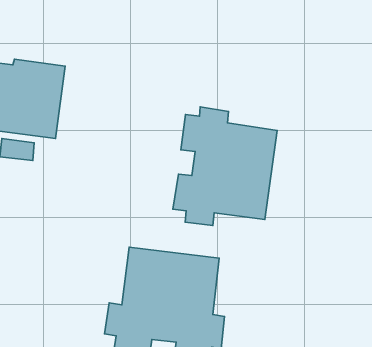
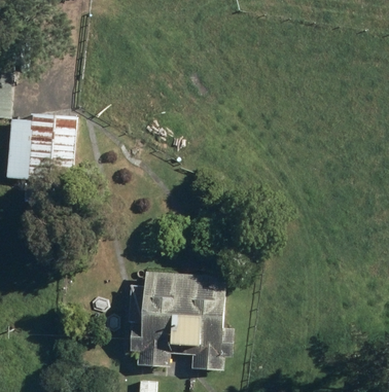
building: [173,107,277,225] -> none

